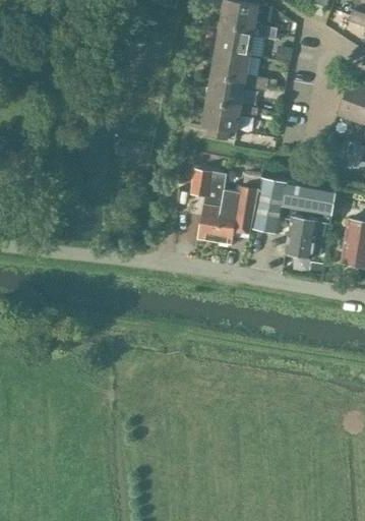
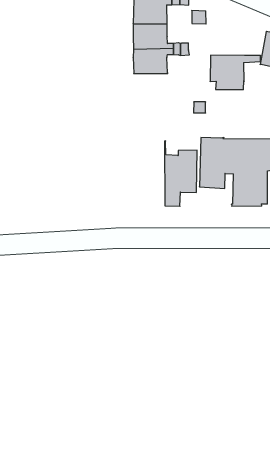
building: [201,100,257,140] -> [210,55,261,90]
building: [191,169,226,240] -> none

